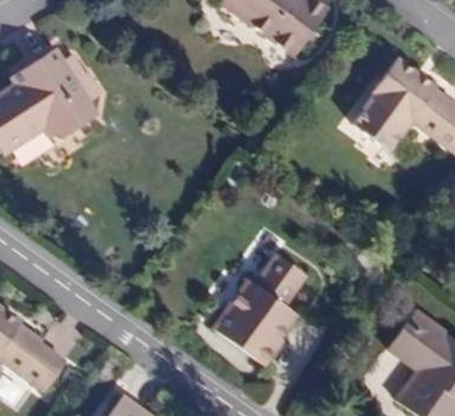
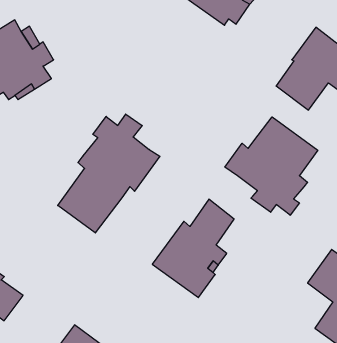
building: none -> [58,114,160,233]
building: none -> [225,117,318,215]

